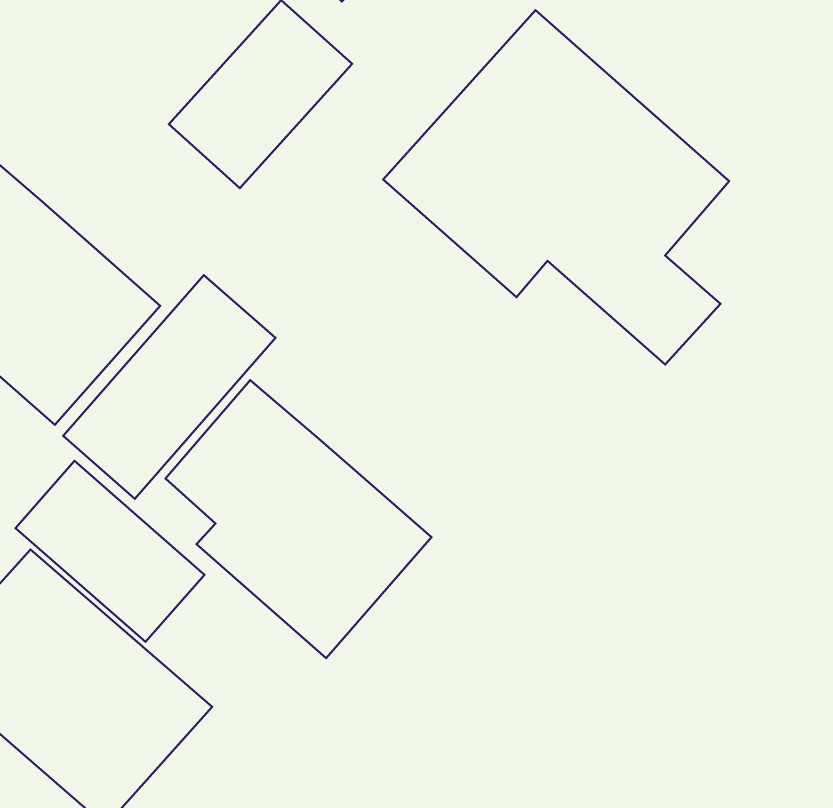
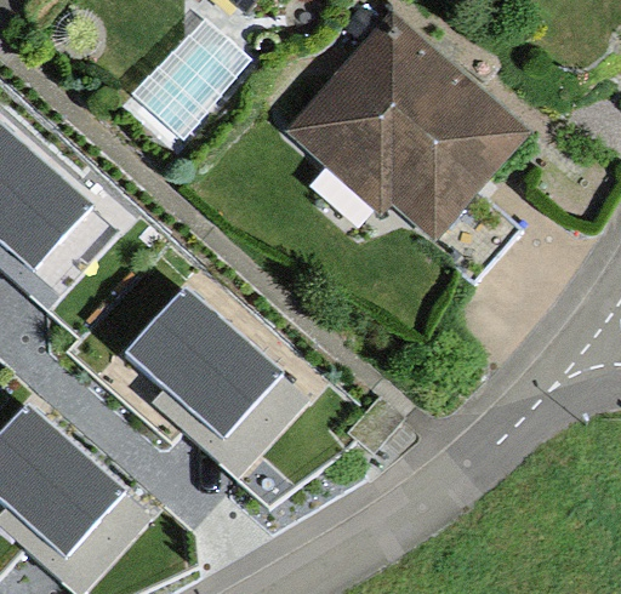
building: [63,275,276,499] -> none
building: [16,461,204,642] -> none

